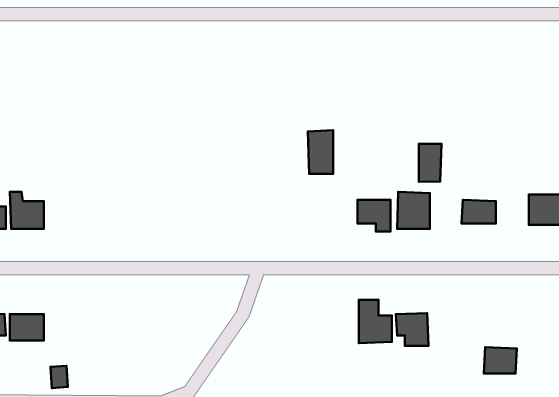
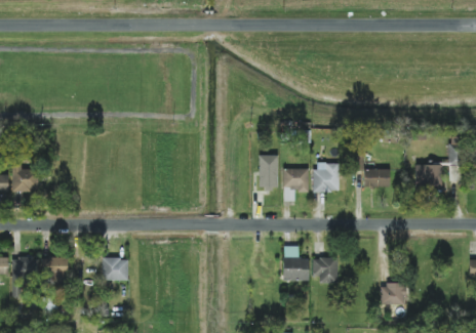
building: [308,130,333,174] -> [257,154,277,188]
building: [419,144,441,182] -> none
building: none -> [43,256,67,279]
building: none -> [101,257,128,280]

